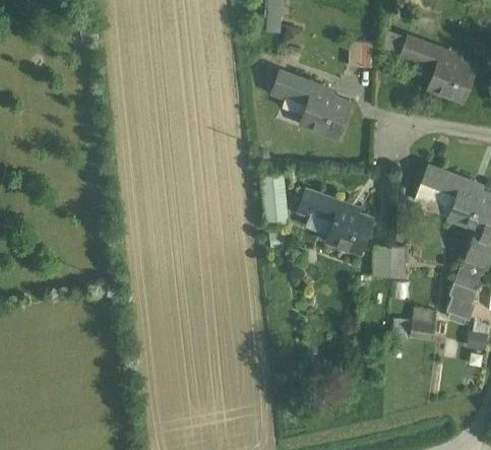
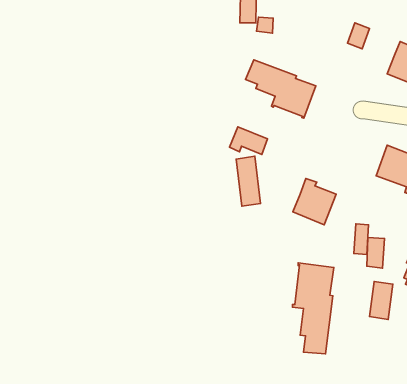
building: [400,37,441,66] -> none
building: [348,42,372,67] -> none
building: [296,188,337,218] -> [229,127,267,155]
building: [373,250,392,283] -> [367,237,384,268]
building: none -> [292,263,334,354]

